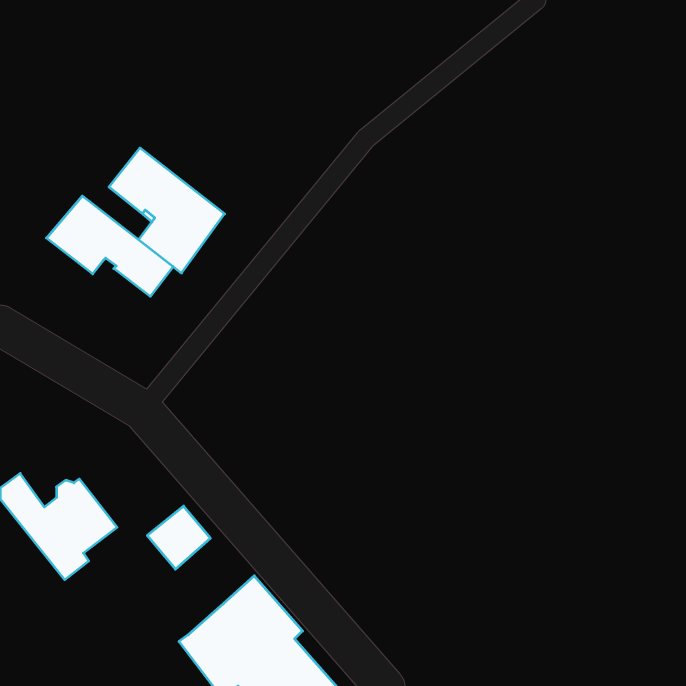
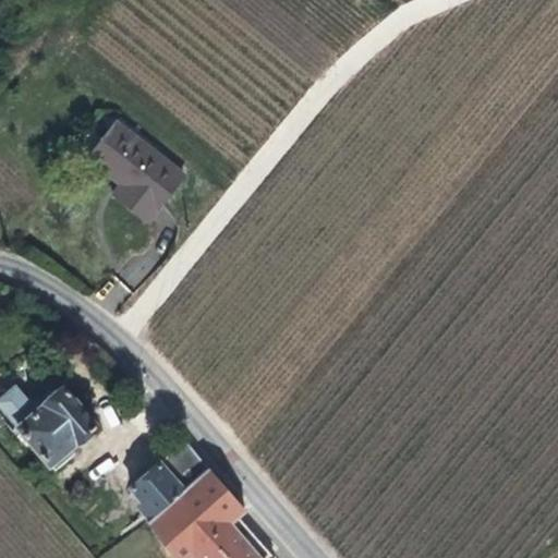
building: [46,196,173,296] -> none
building: [147,506,210,569] -> [131,464,182,515]

